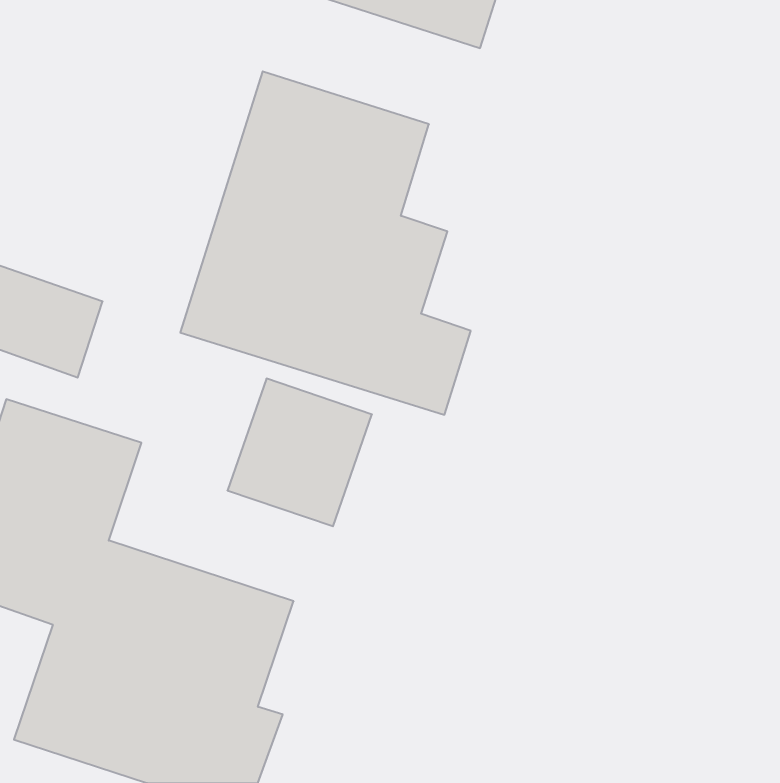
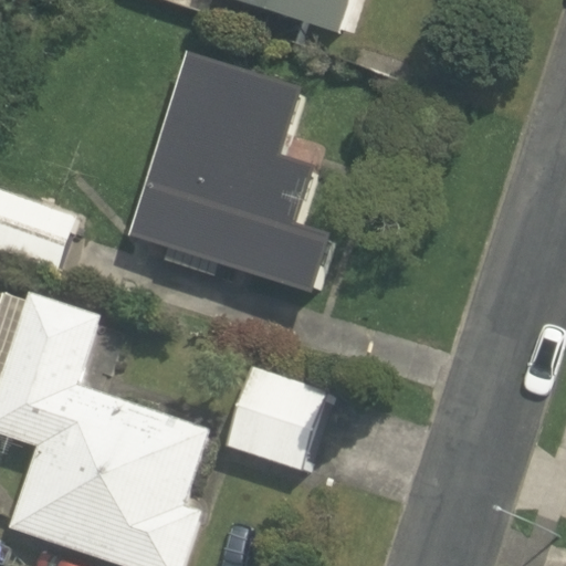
building: [227,379,372,526] -> [226,365,328,470]

